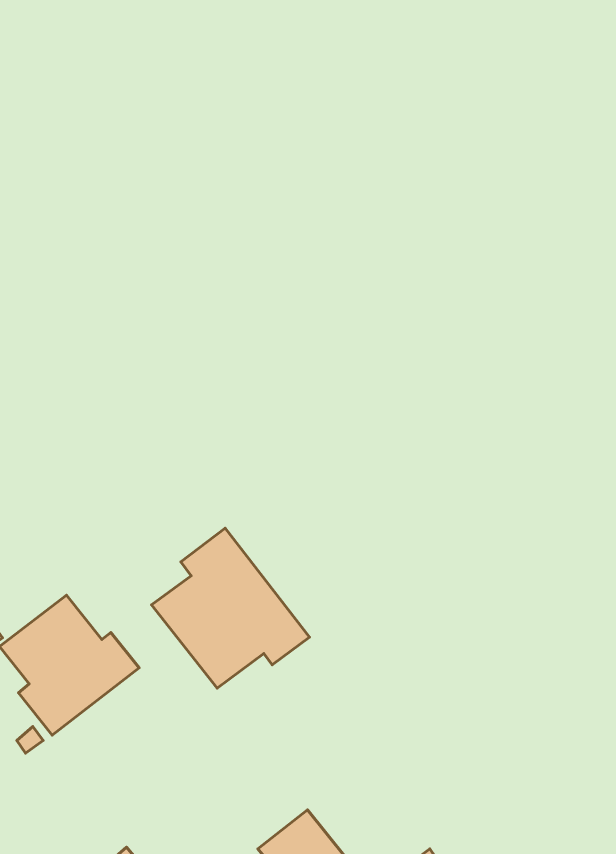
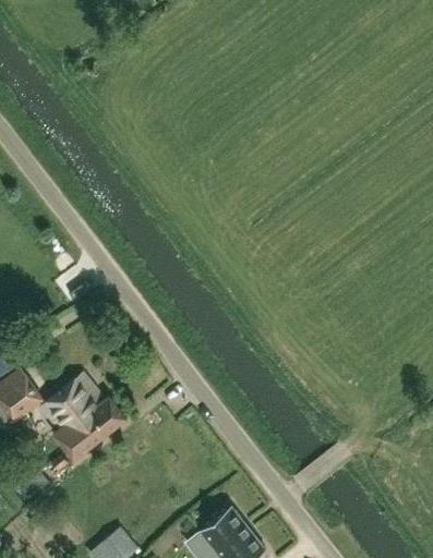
building: [152,528,310,688] -> none

